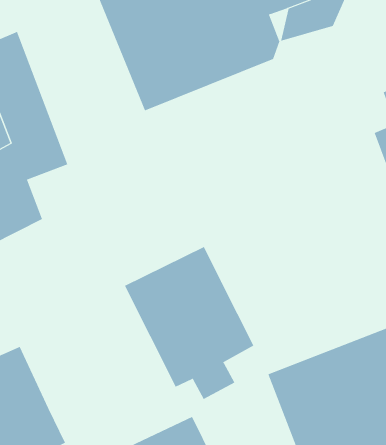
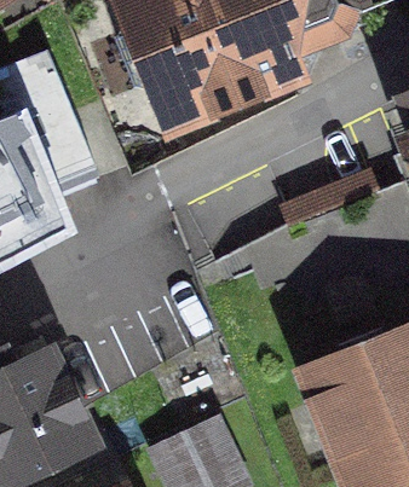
building: [124,246,254,400] -> none

